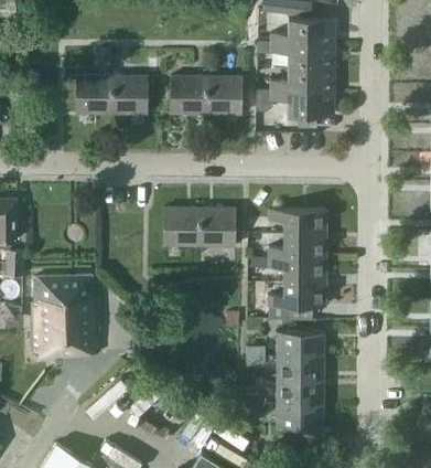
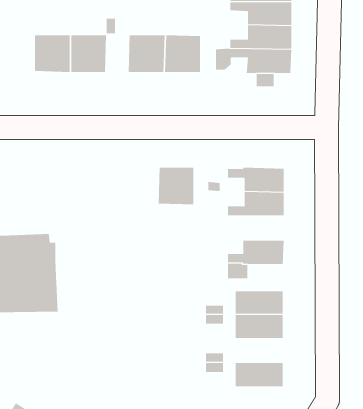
building: [162,208,200,245] -> none
building: [268,257,325,281] -> none
building: [276,380,324,404] -> none

